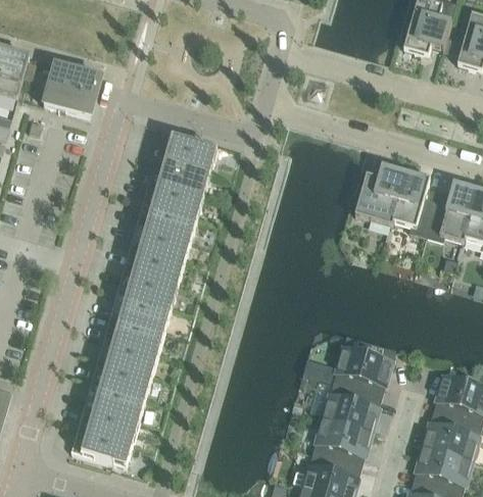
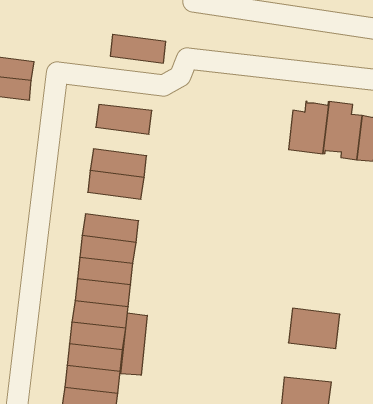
building: [149,156,210,195] -> [110,34,166,63]
building: [130,223,191,262] -> none
building: [333,345,392,395] -> none
building: none -> [121,313,147,375]
building: [312,416,372,465] -> none

